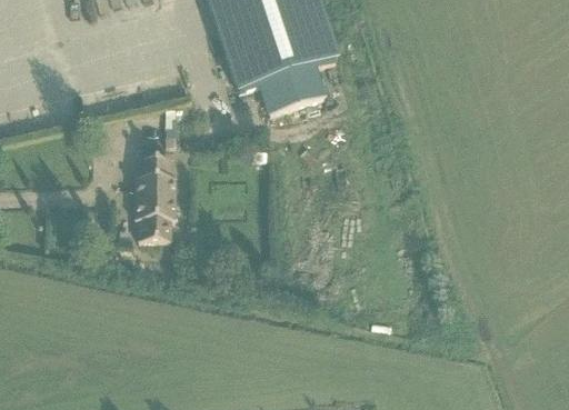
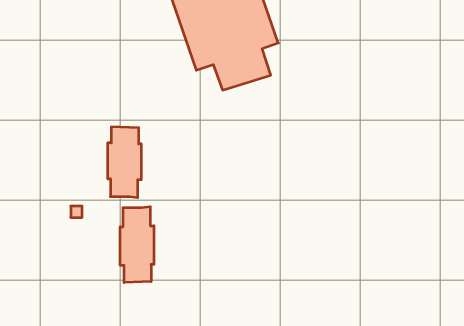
building: none -> [120,207,154,283]

